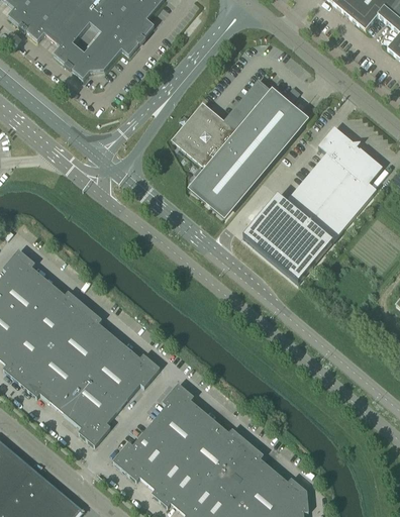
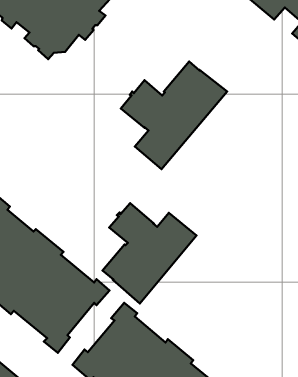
building: [242,126,382,282] -> none
building: none -> [103,203,197,303]

